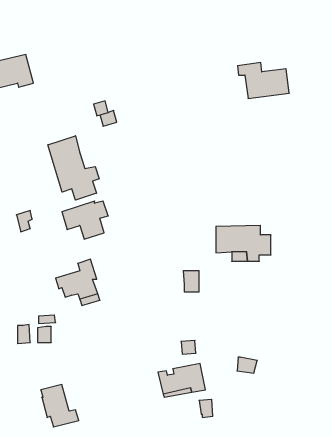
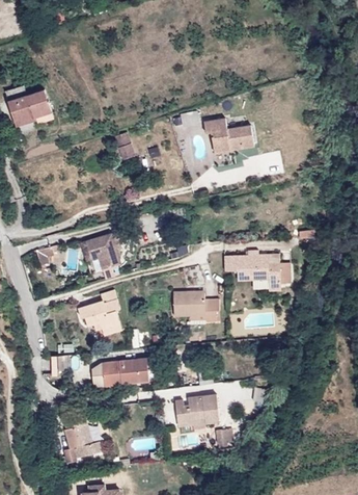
building: [238,63,289,98] -> [201,115,252,151]
building: [48,136,99,200] -> none
building: none -> [170,293,201,317]
building: none -> [103,358,155,387]

